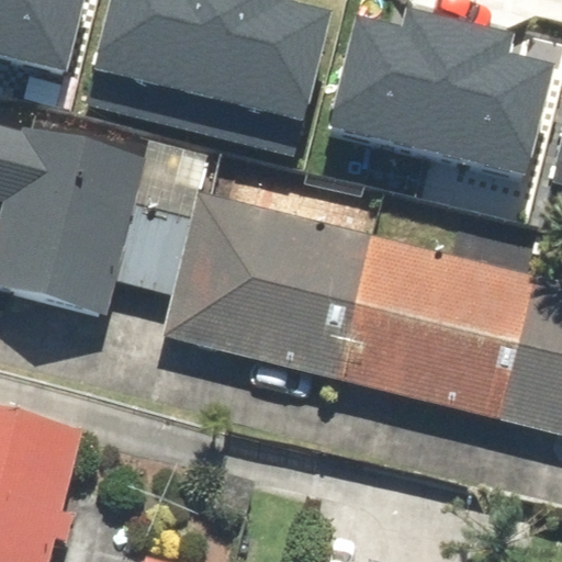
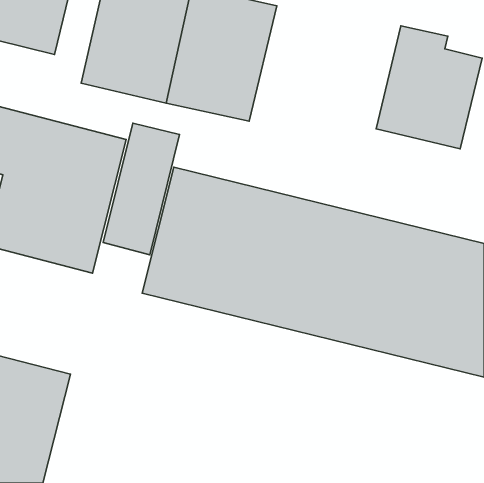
building: [335,16,461,148] -> none

